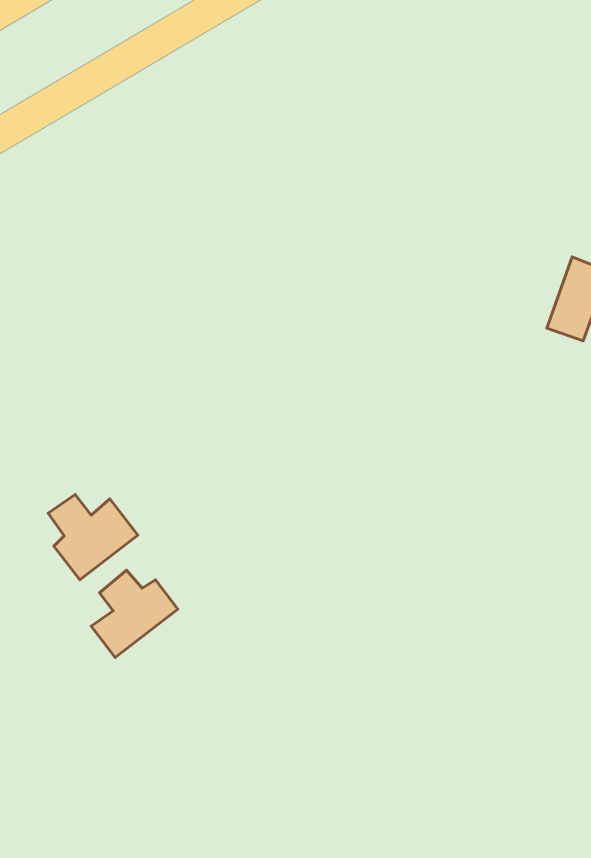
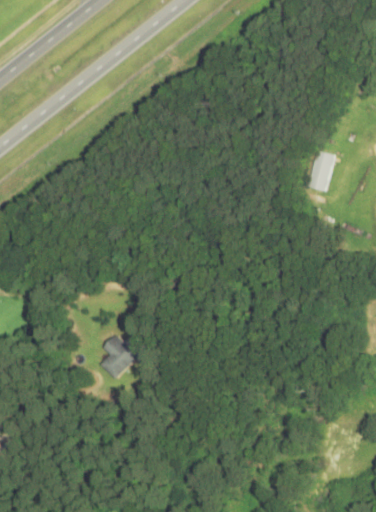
building: [48,494,138,580] -> none

